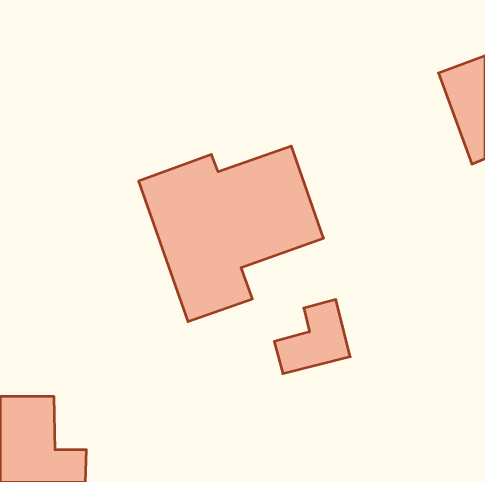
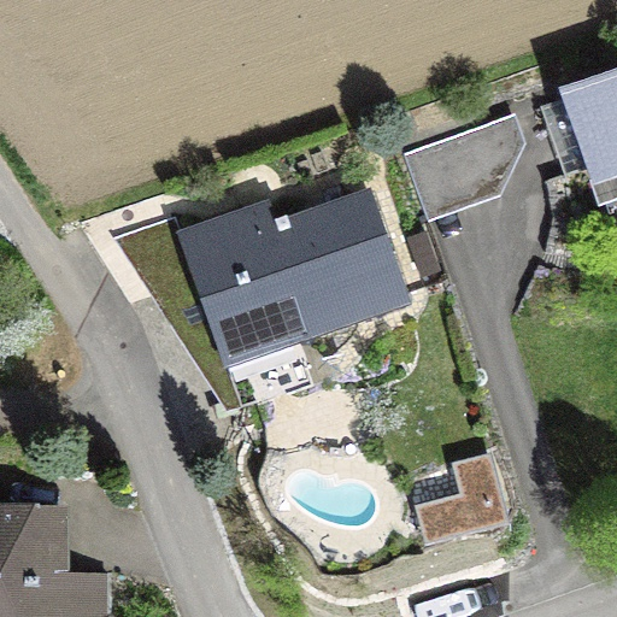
building: none -> [404,113,528,221]
building: [274,300,350,374] -> [415,452,511,546]

